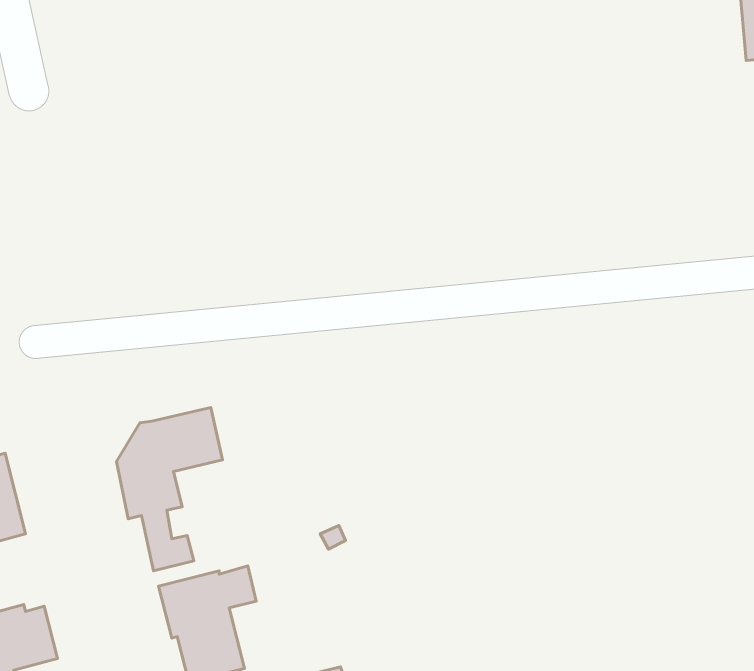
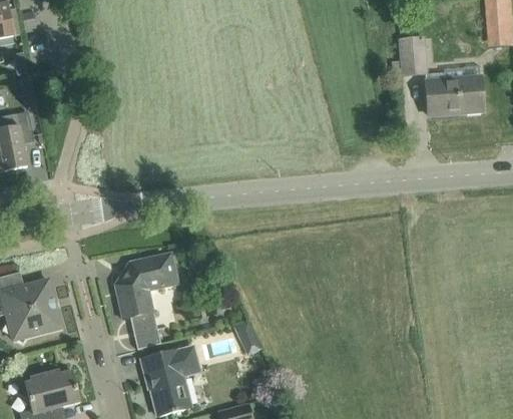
building: none -> [400,36,425,74]
building: none -> [425,75,483,114]

